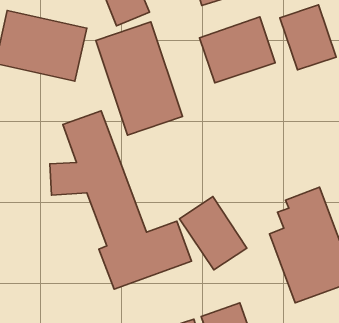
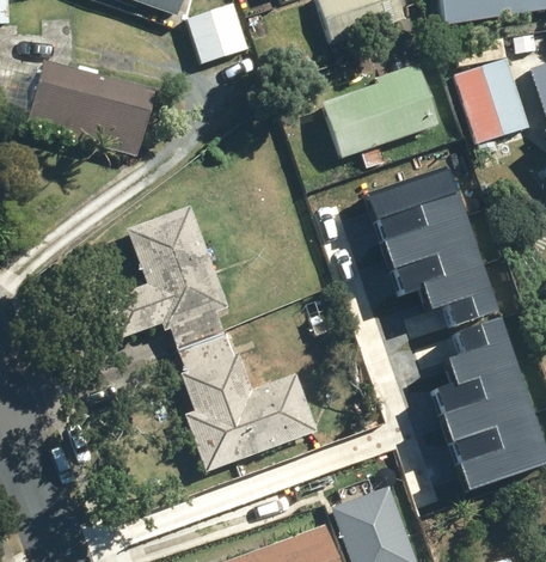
building: [96,22,182,135] -> none
building: none -> [367,163,501,329]
building: [180,196,247,270] -> none

